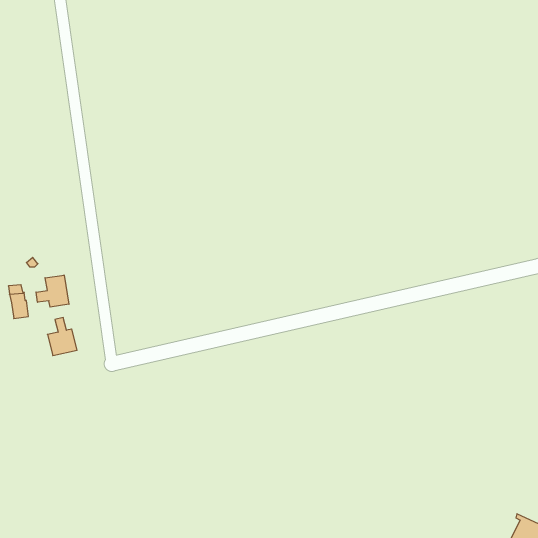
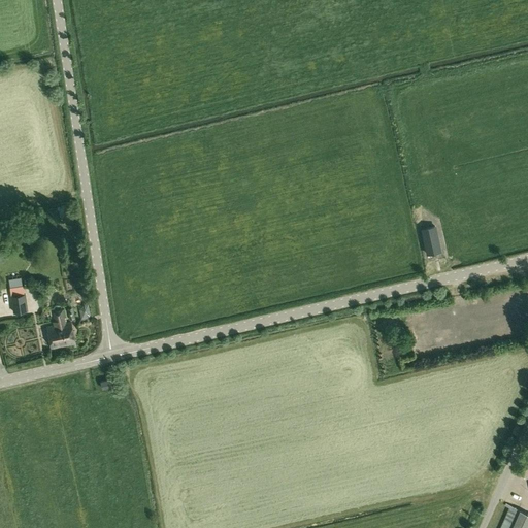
building: none -> [422,226,442,255]
building: [36,275,69,307] -> none

